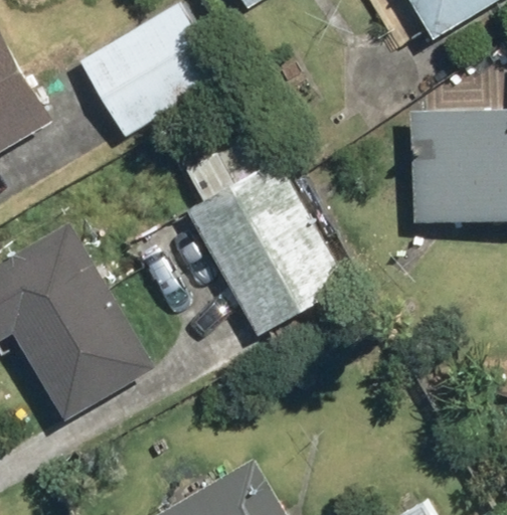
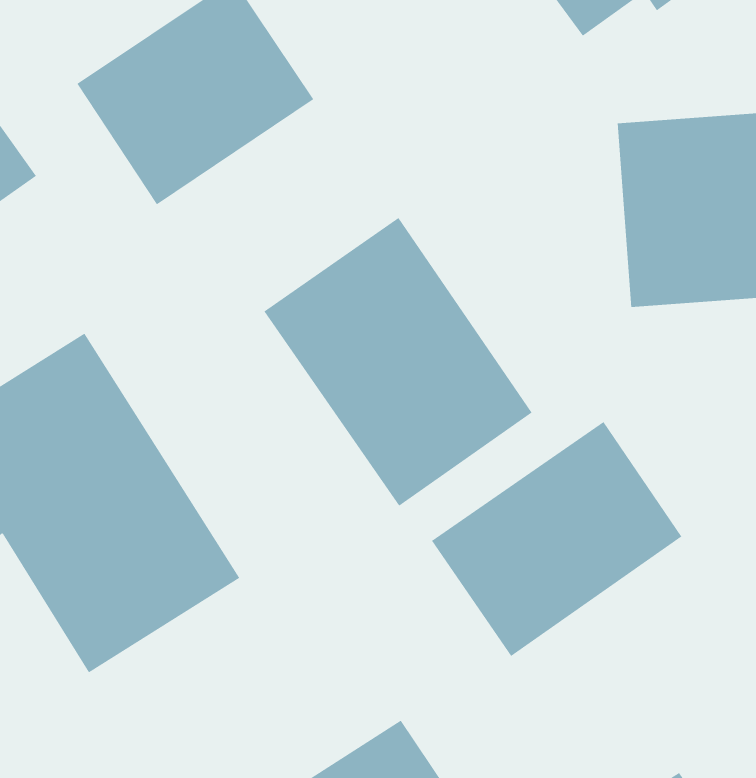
building: none -> [431,421,682,657]

